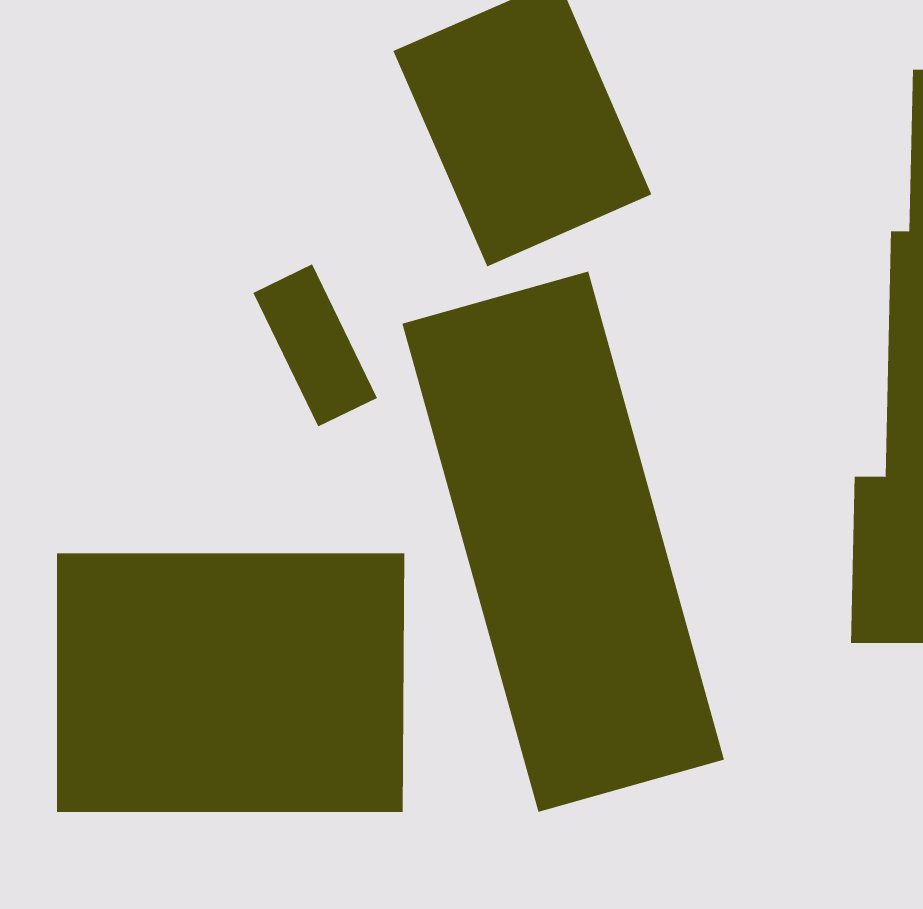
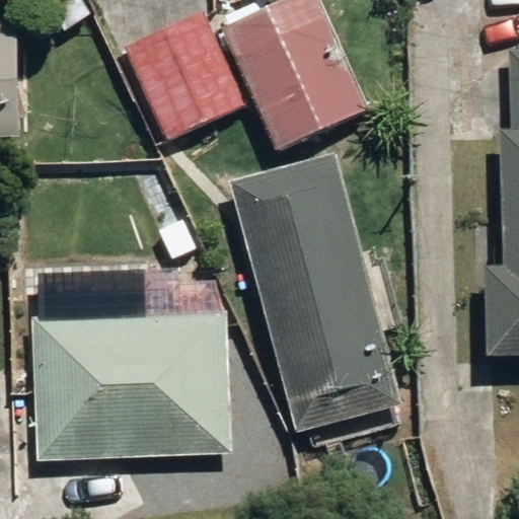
building: none -> [124,9,244,138]

